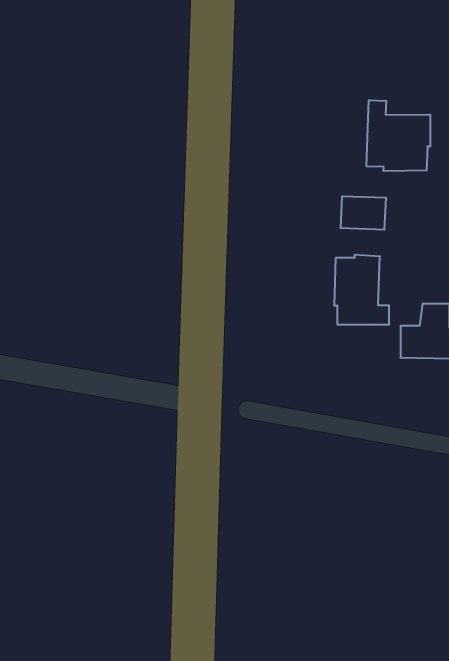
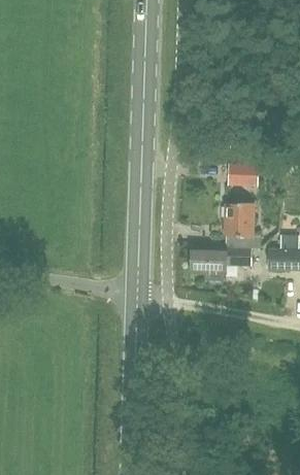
building: [367,100,430,171] -> none
building: none -> [191,246,251,280]

